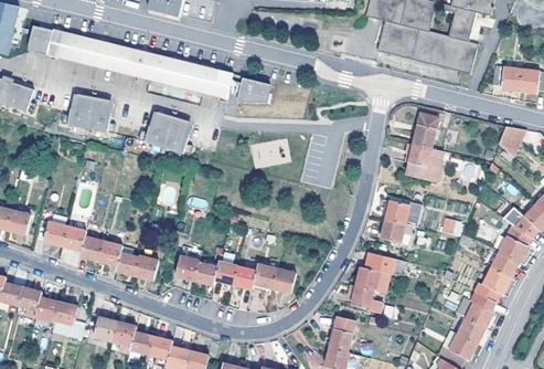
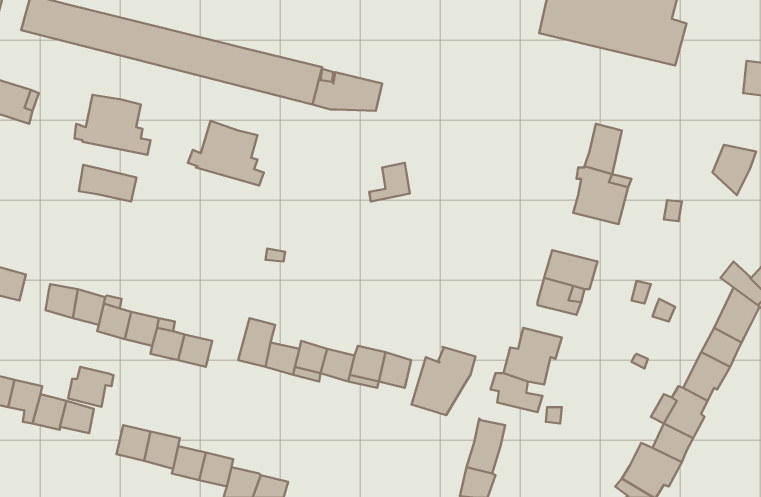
building: [492,64,521,91] -> none
building: none -> [79,165,136,202]
building: none -> [411,347,475,415]
building: none -> [68,367,113,407]

